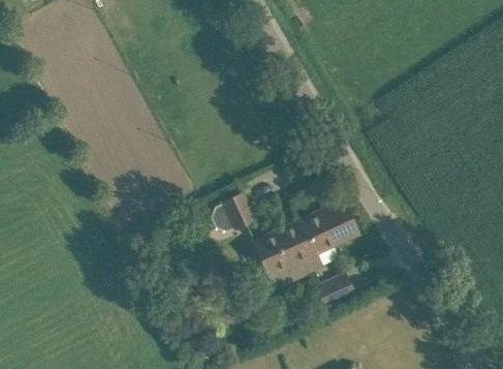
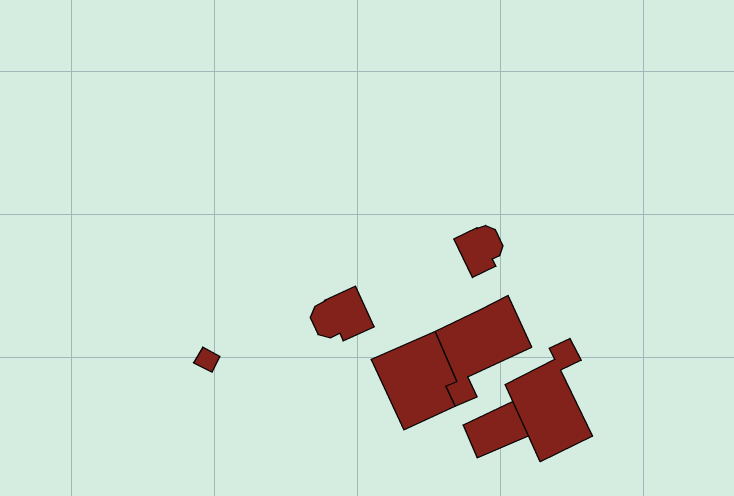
building: none -> [454,225,503,278]
building: none -> [505,338,592,462]

